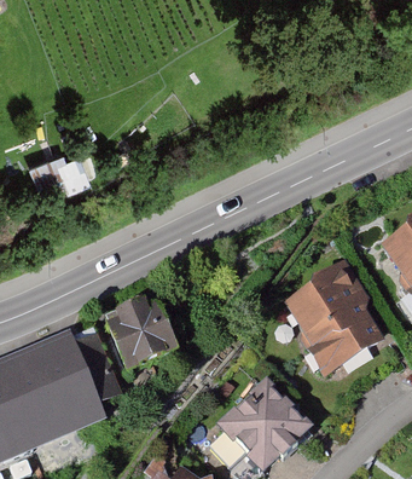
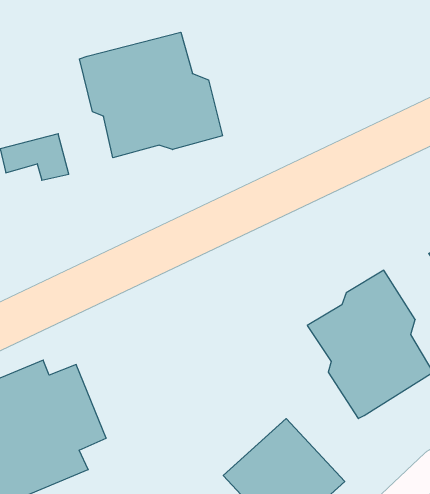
building: none -> [80,32,223,158]
building: [106,299,178,371] -> none

